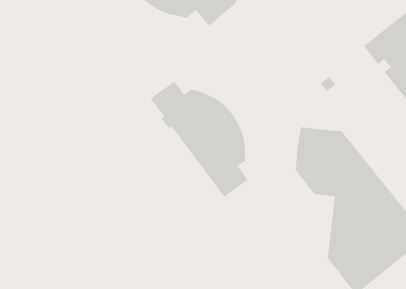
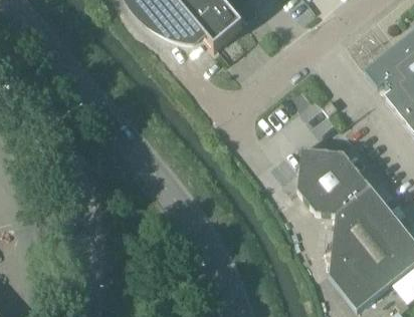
building: [150,81,248,198] -> none

